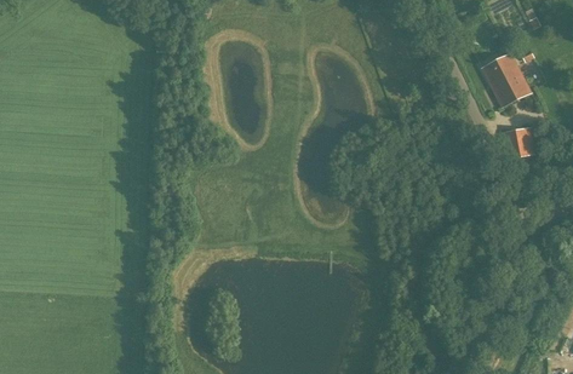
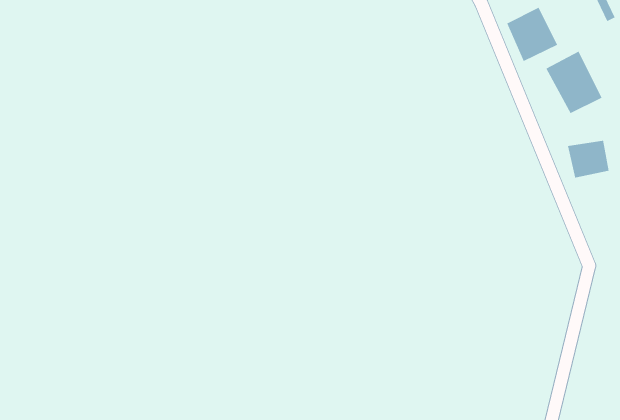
building: none -> [506,7,558,62]

